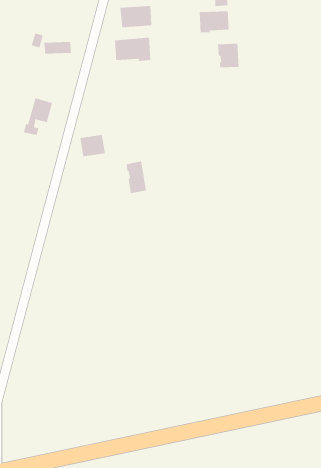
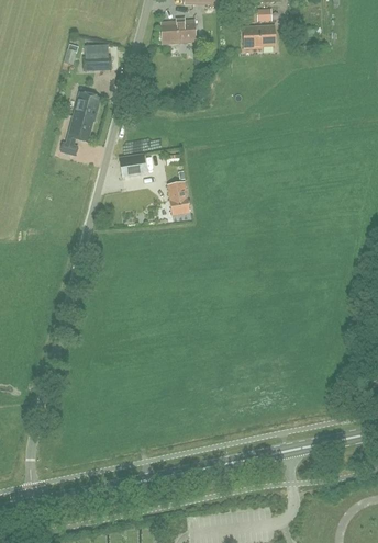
building: [114,37,151,62] -> none
building: [217,43,239,68] -> none
building: none -> [73,90,100,118]

